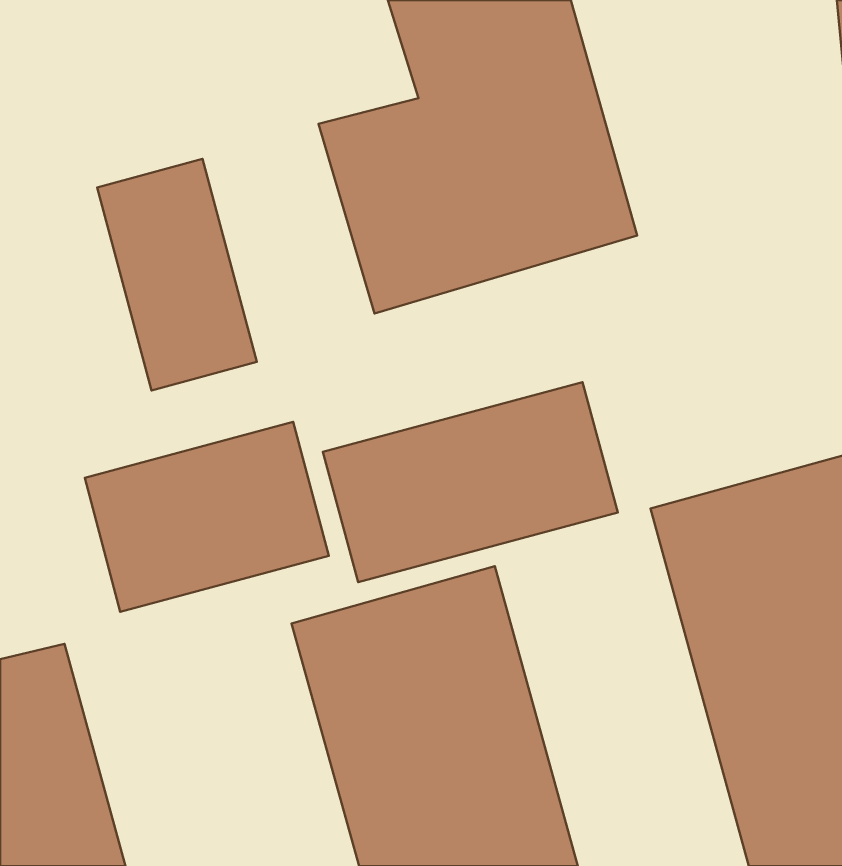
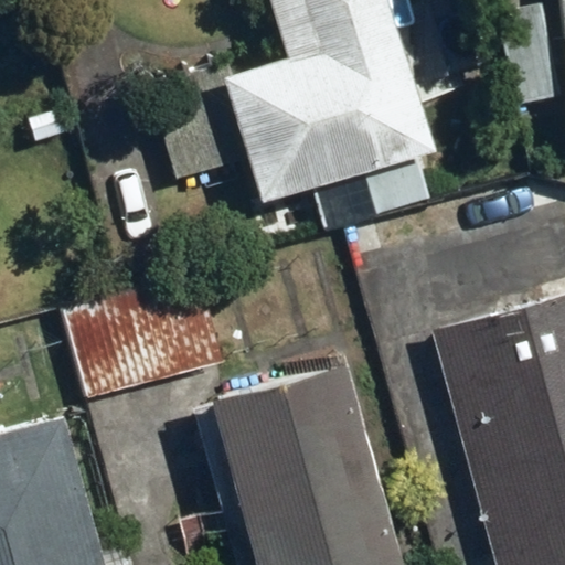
building: [97,159,257,390] -> none
building: [323,382,618,582] -> none

